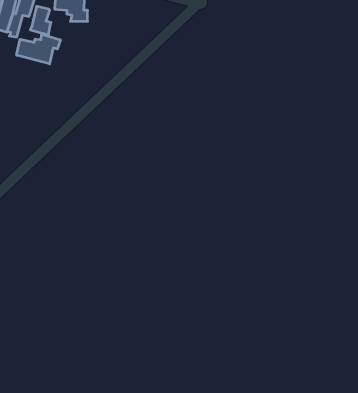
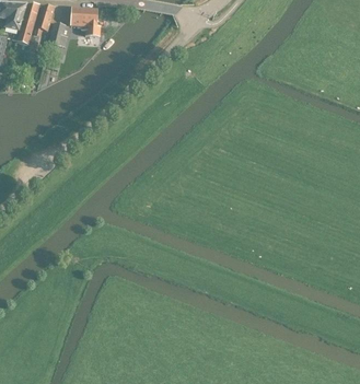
building: [17,34,60,64] -> none

